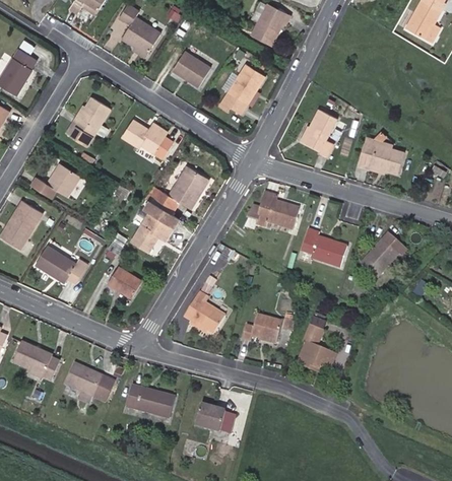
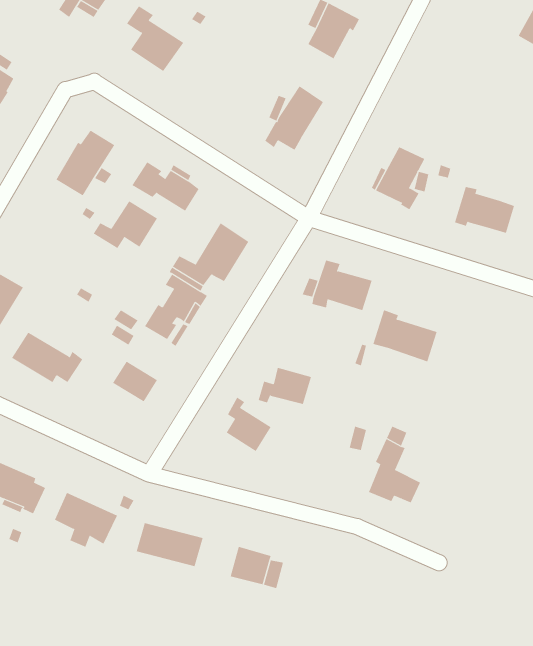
building: [172,50,209,86] -> none
building: [33,162,80,198] -> [93,200,158,249]
building: [360,231,404,277] -> none
building: [242,314,281,341] -> [258,367,312,404]

